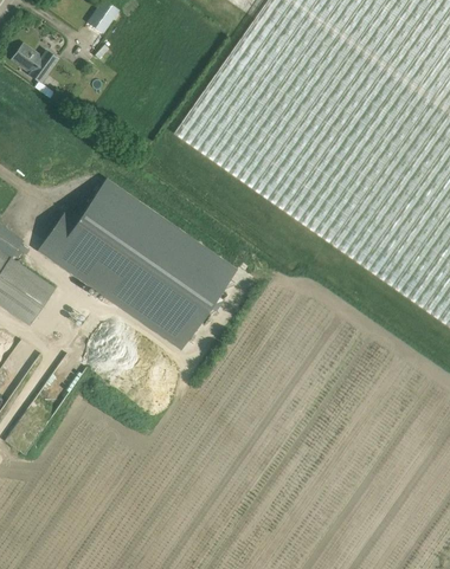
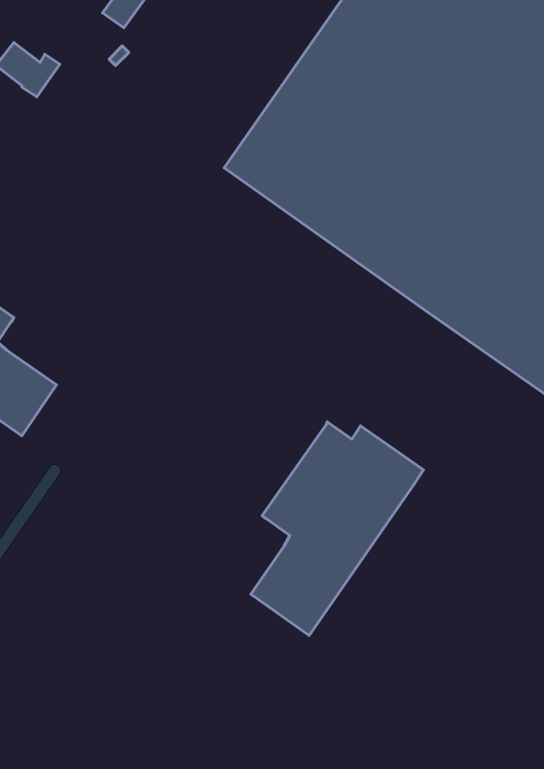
building: [39,181,237,349] -> none
building: none -> [251,422,423,636]

